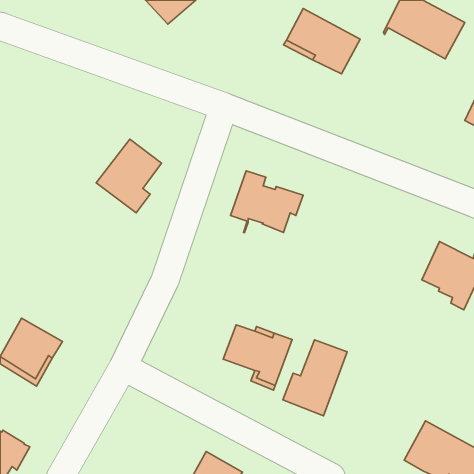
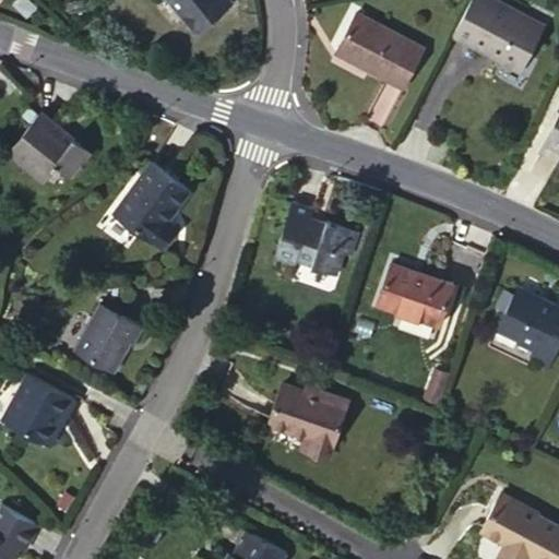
building: none -> [11,112,92,180]
building: none -> [376,265,452,329]
building: none -> [71,307,142,371]
building: [283,340,347,416] -> none

